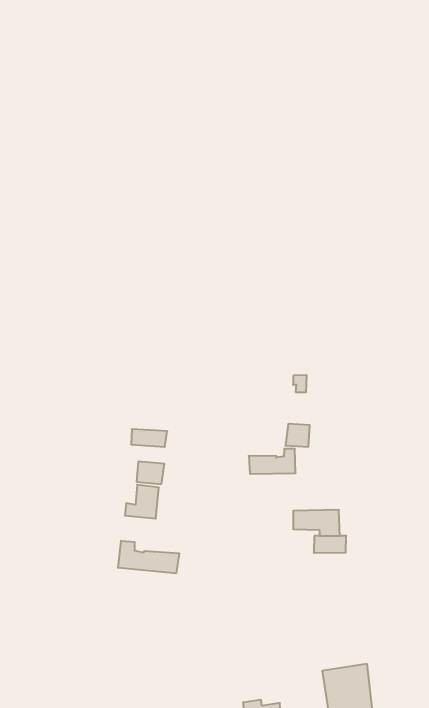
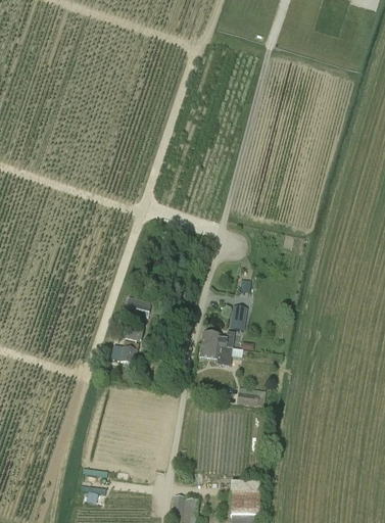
building: [293,510,340,536] -> [199,342,232,364]
building: [118,541,179,573] -> none

